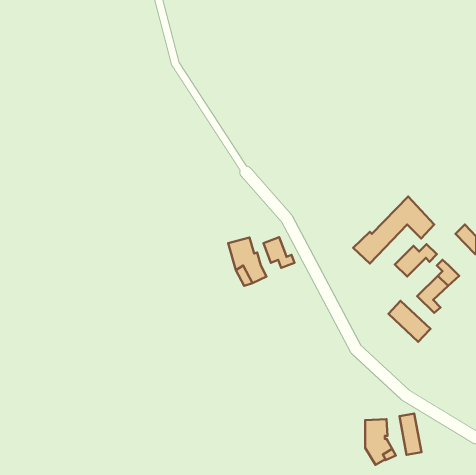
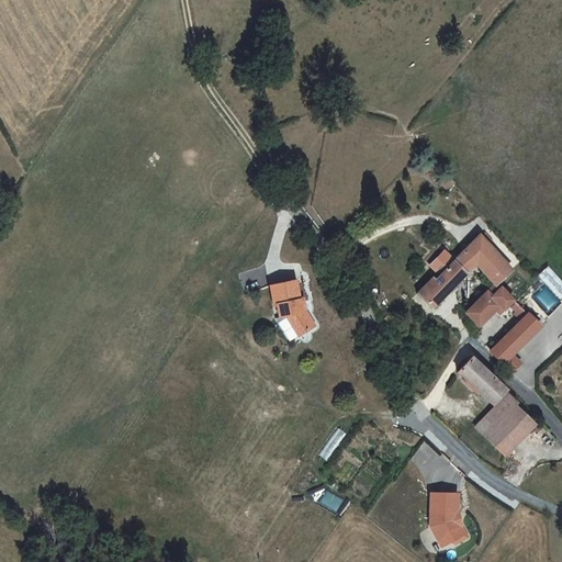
building: [263,237,294,268] -> none
building: none -> [481,389,535,452]
building: [399,413,421,455] -> none

